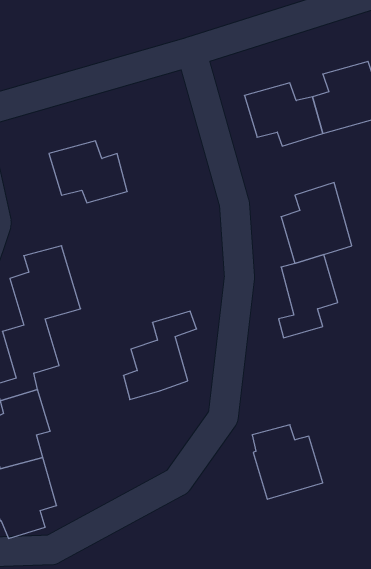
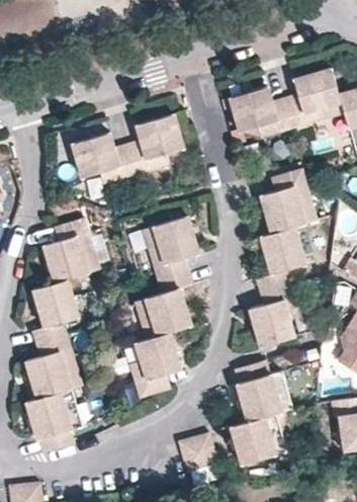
building: none -> [127,114,183,174]
building: none -> [141,217,198,279]
building: none -> [251,282,301,345]
building: none -> [122,334,172,398]
building: none -> [231,413,286,464]
building: none -> [181,432,217,470]

